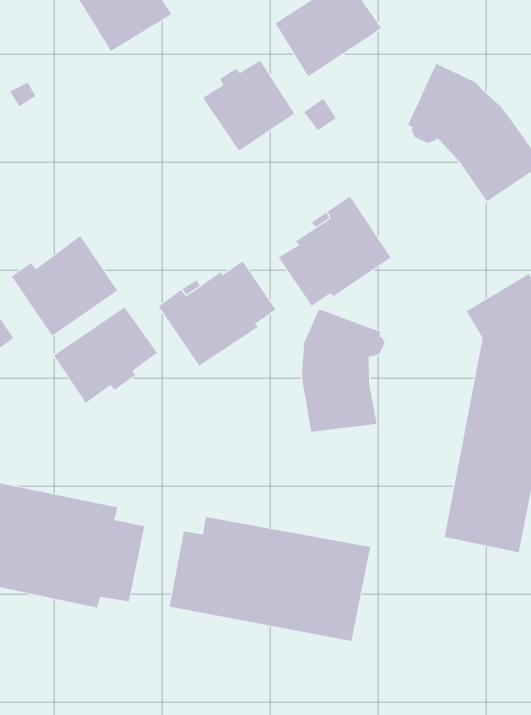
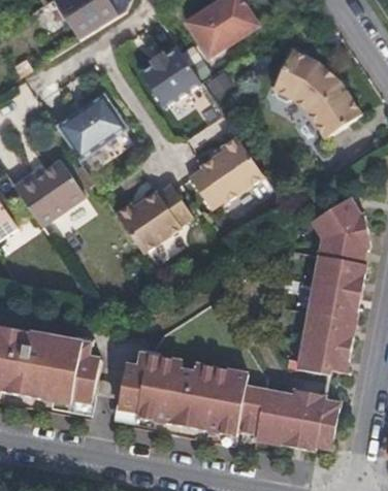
building: none -> [51,89,122,156]
building: [53,306,158,404] -> none
building: [301,309,385,433] -> none
building: none -> [237,377,345,444]

